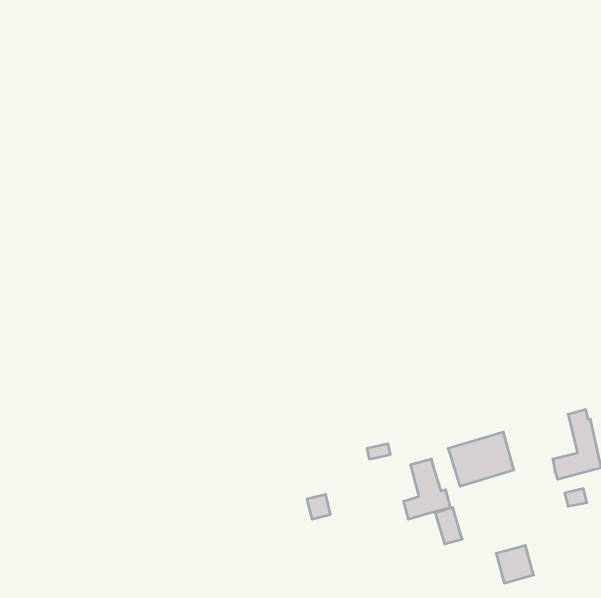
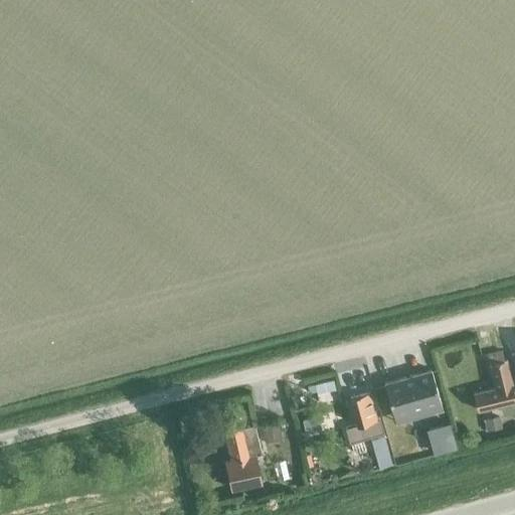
building: none -> [223,421,263,492]
building: [496,545,534,583] -> [425,424,458,457]

